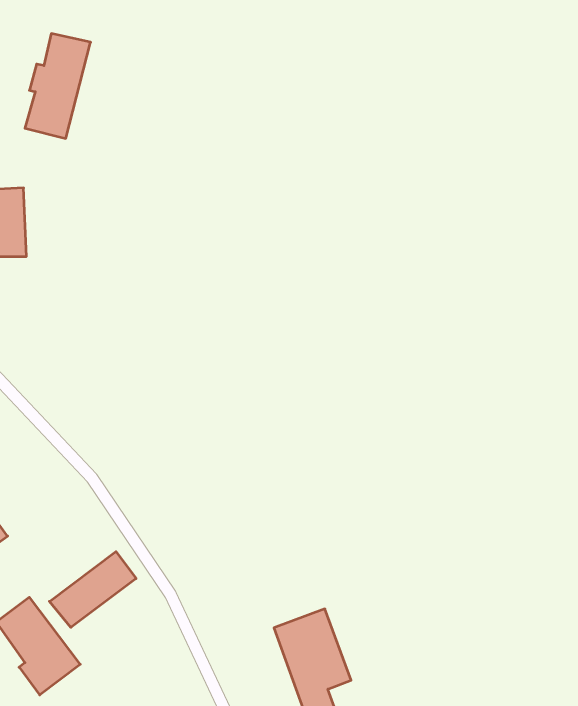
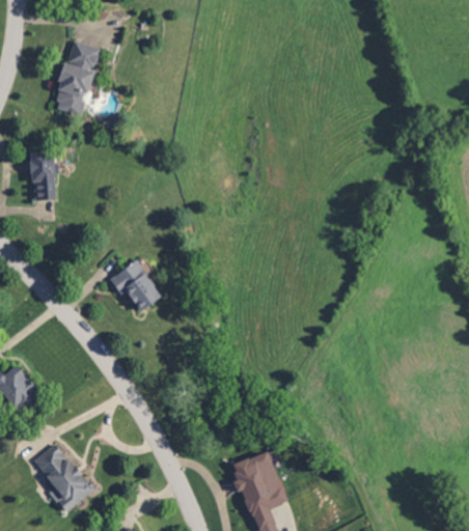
building: none -> [109,259,162,310]
building: [49,552,136,627] -> none

